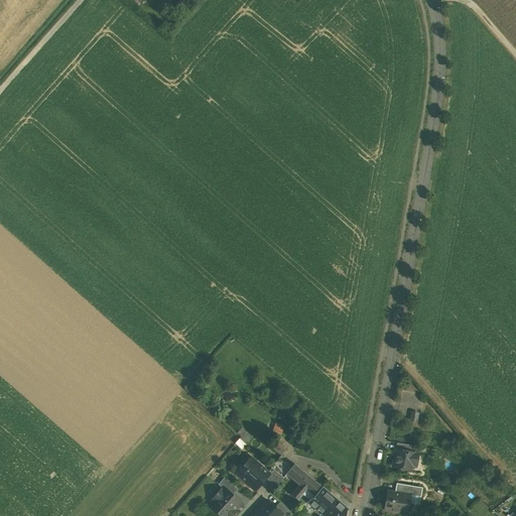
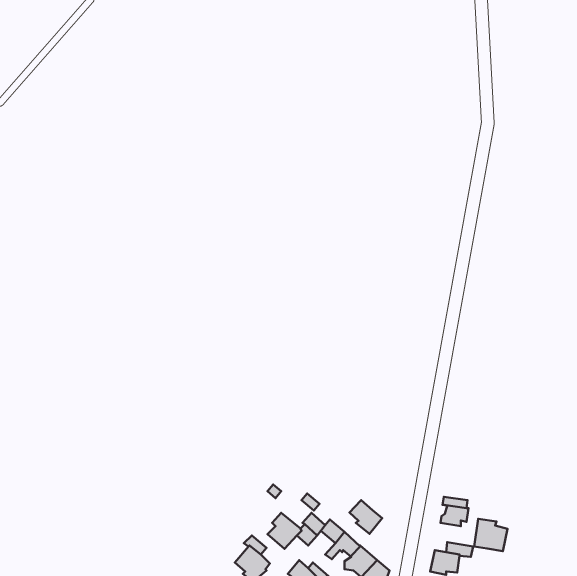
building: none -> [350,500,382,534]
building: none -> [474,519,508,551]

